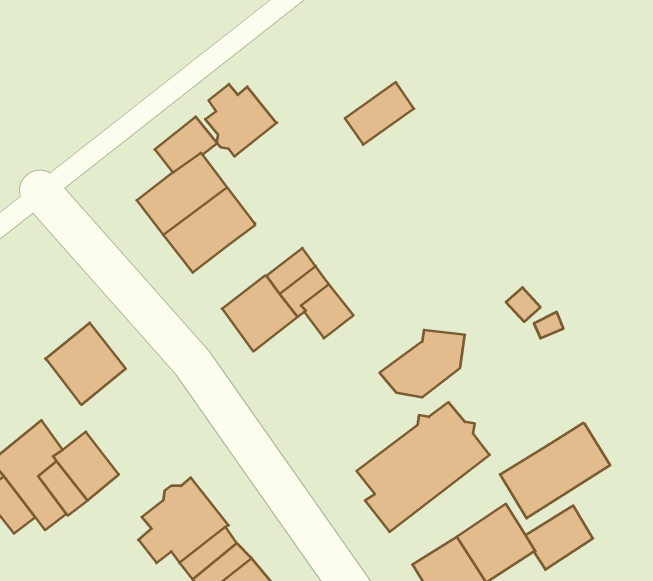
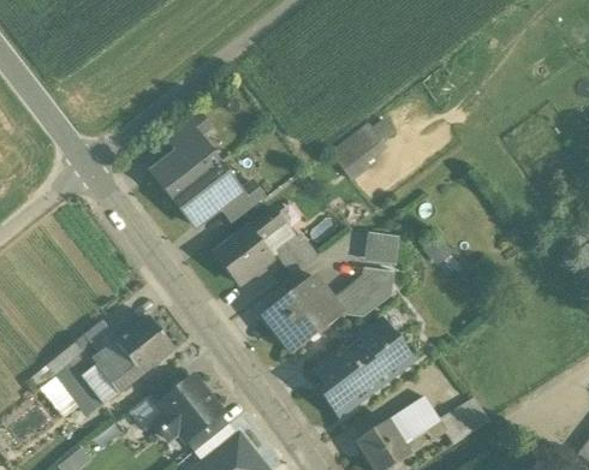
building: [345,82,414,145] -> [333,127,383,173]
building: [205,84,277,156] -> none
building: none -> [221,182,263,221]
building: none -> [367,233,399,264]
building: [45,323,126,405] -> [115,315,174,375]
building: none -> [262,275,344,353]
building: [500,423,610,518] -> none

